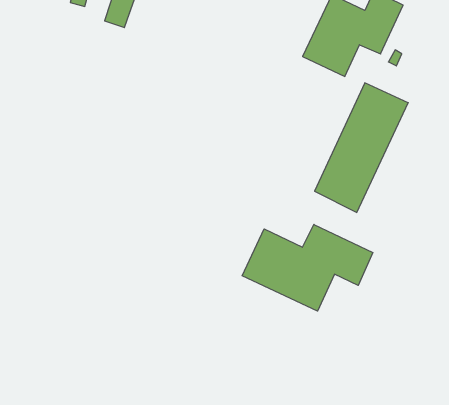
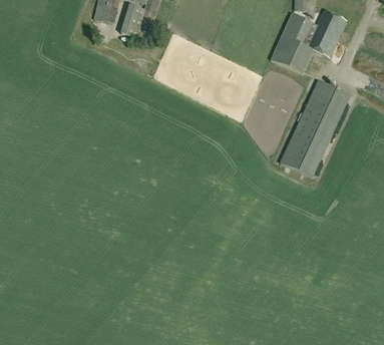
building: [242,224,373,311] -> none

